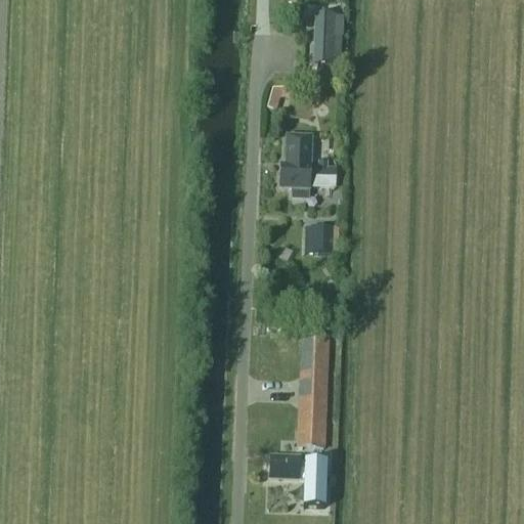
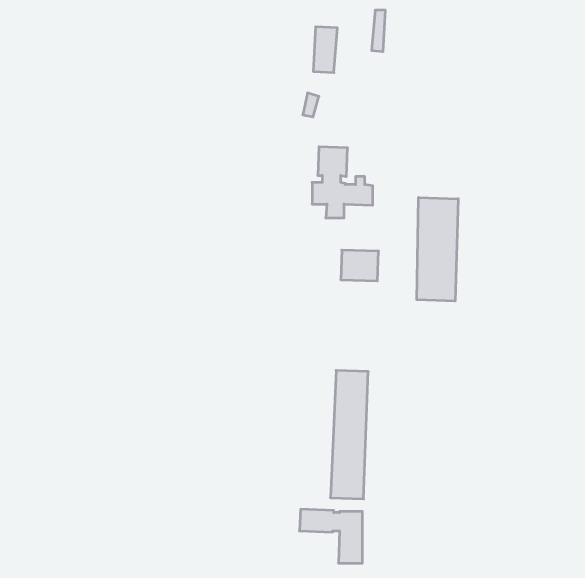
building: [313,20,335,61] -> [313,27,337,73]
building: none -> [417,197,458,301]

